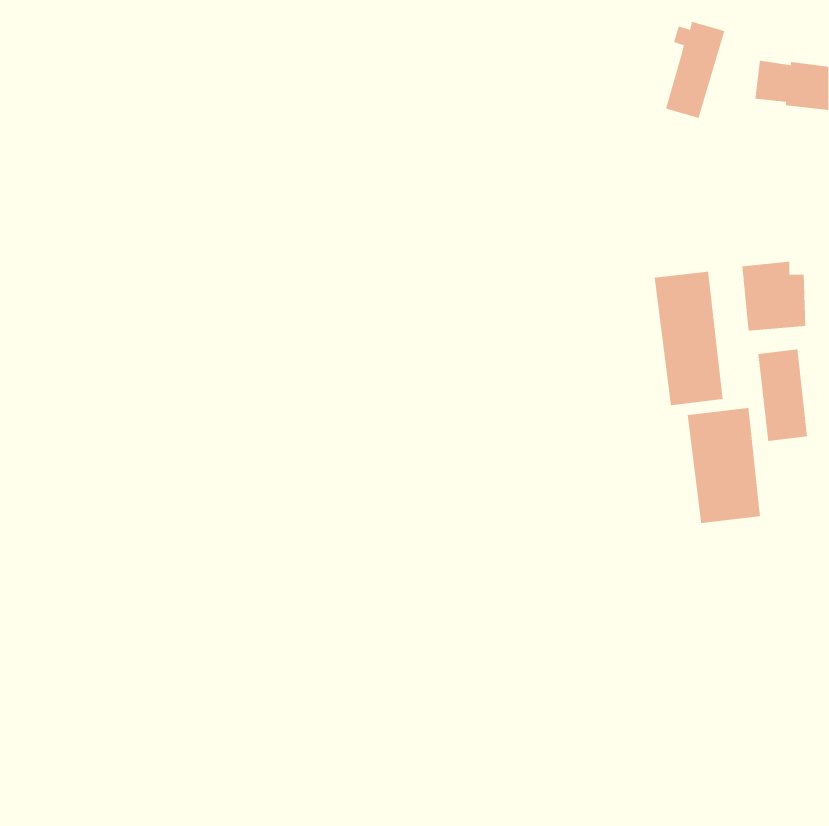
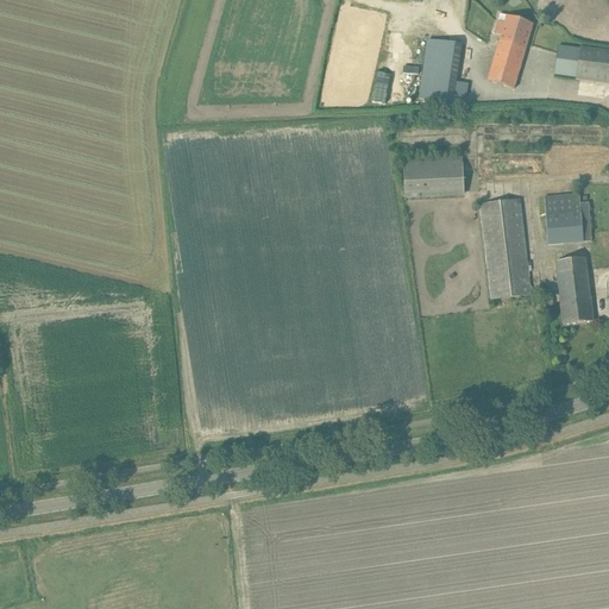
building: none -> [417,37,467,102]
building: none -> [402,156,464,194]
building: [687,407,760,524] -> none

